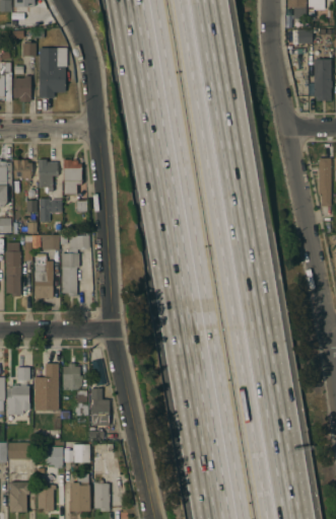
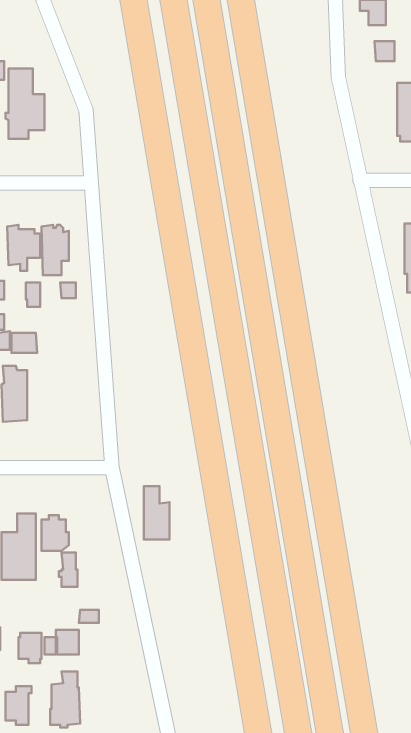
building: [61,235,88,296] -> none
building: [90,388,109,426] -> [144,486,170,539]
building: [93,479,109,511] -> none

